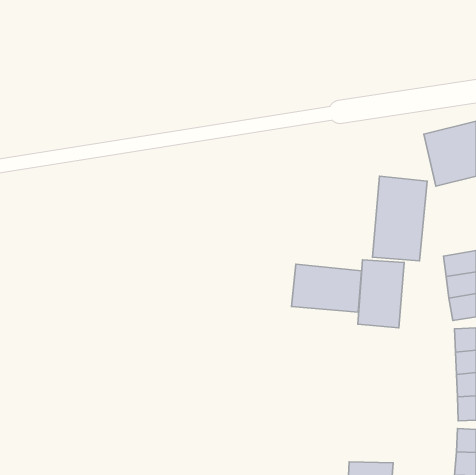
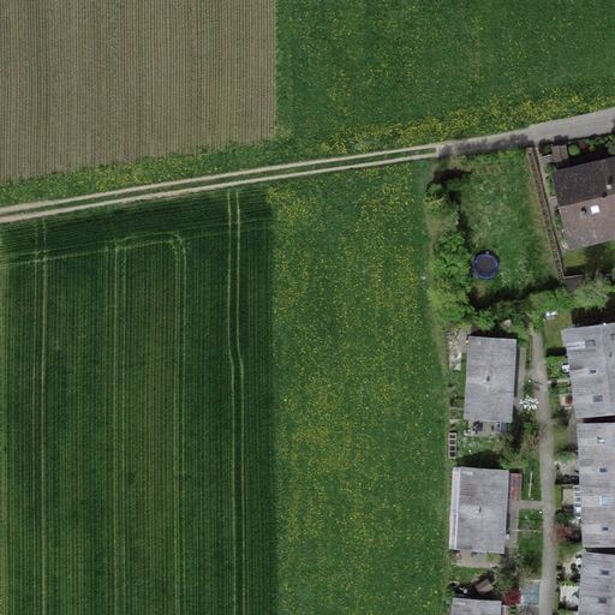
building: [373,176,427,261] -> none
building: [291,264,362,312] -> none
building: none -> [458,468,514,548]

